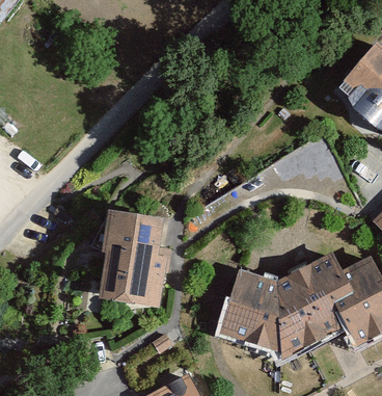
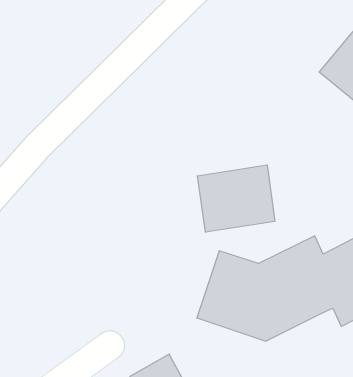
building: none -> [198,165,275,232]
building: [96,212,173,309] -> none

